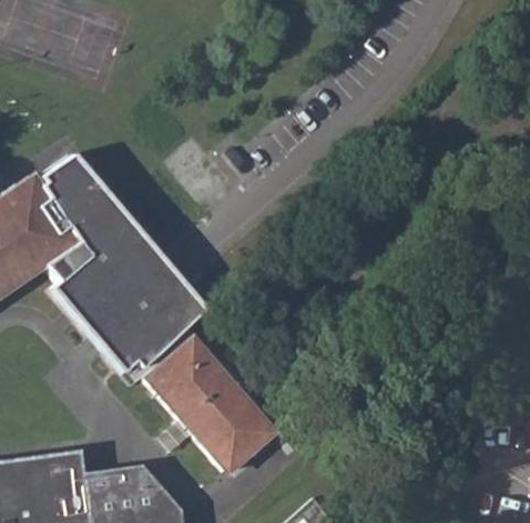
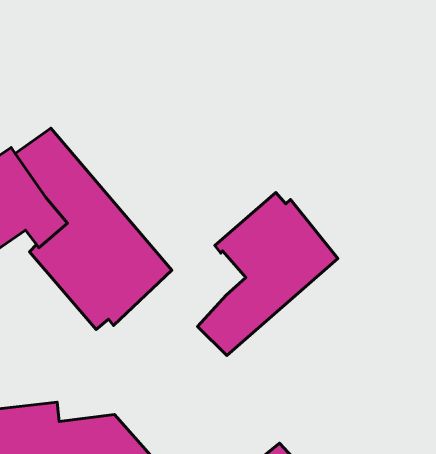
building: none -> [198,193,338,356]
building: [145,338,274,473] -> none

